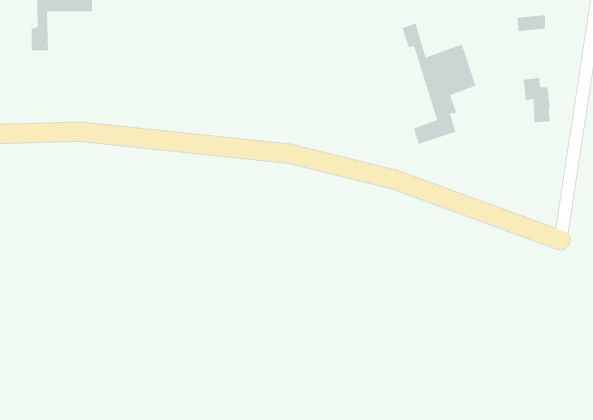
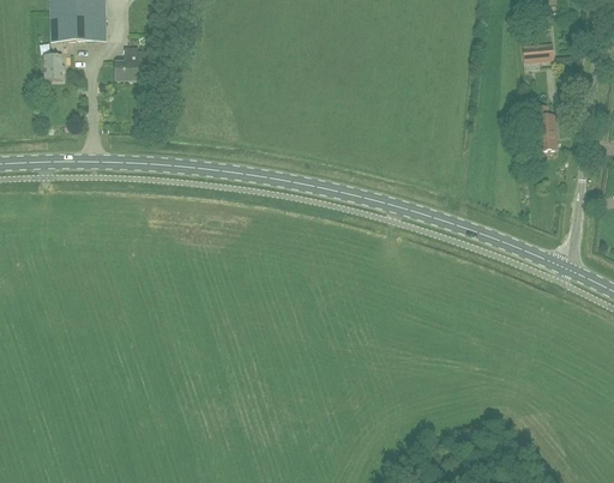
building: none -> [115,44,154,77]
building: [402,23,477,145] -> none

